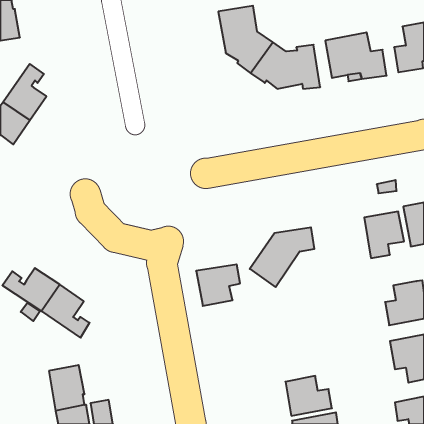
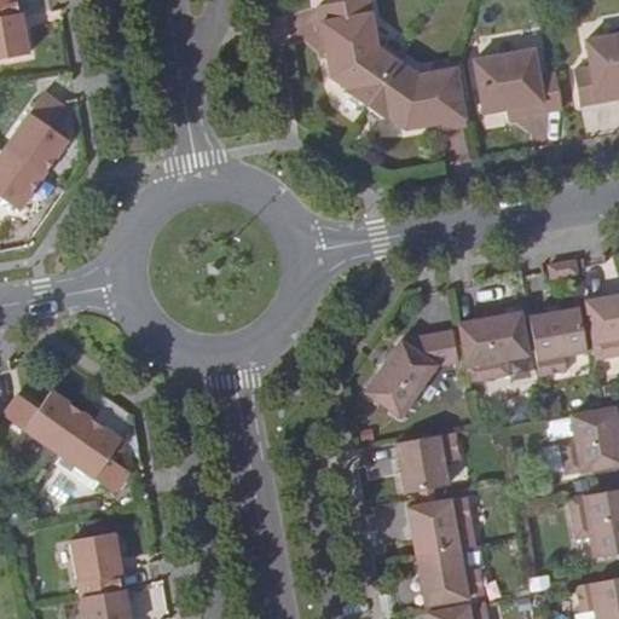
building: none -> [458,312,528,382]
building: [196,264,240,306] -> [395,432,459,492]
building: none -> [407,497,472,556]

